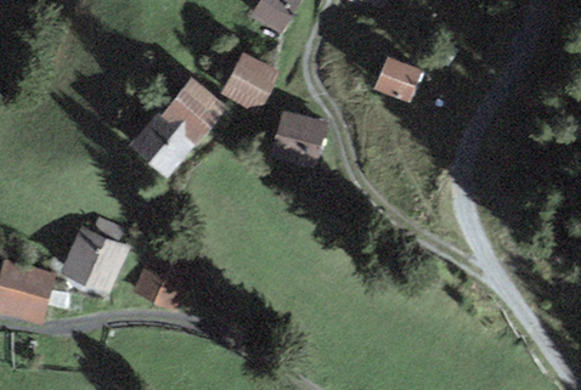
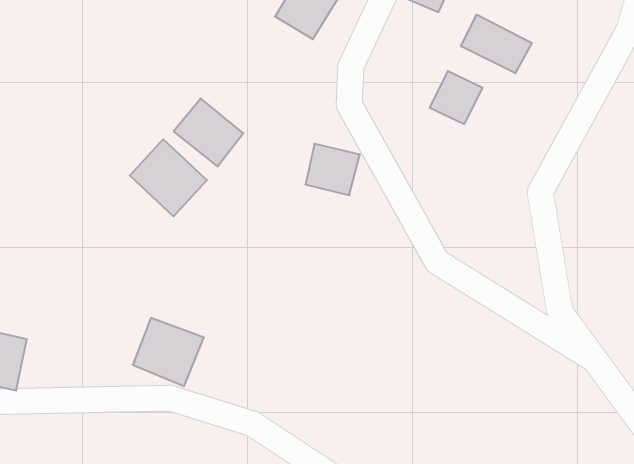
building: none -> [461,15,532,73]
building: [221,53,277,113] -> none
building: [62,230,126,293] -> none

